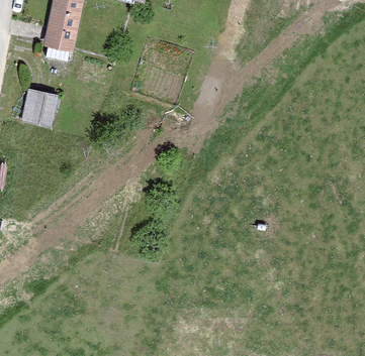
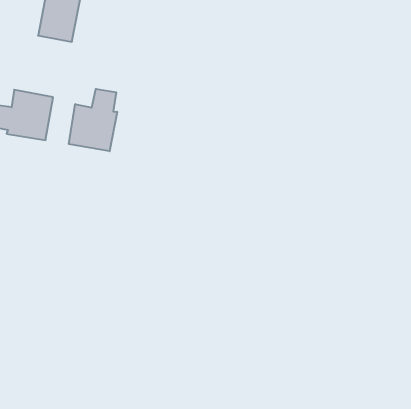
building: none -> [69,89,117,151]

